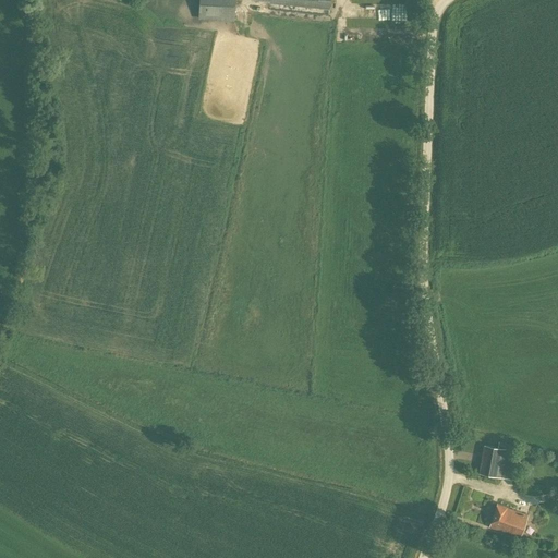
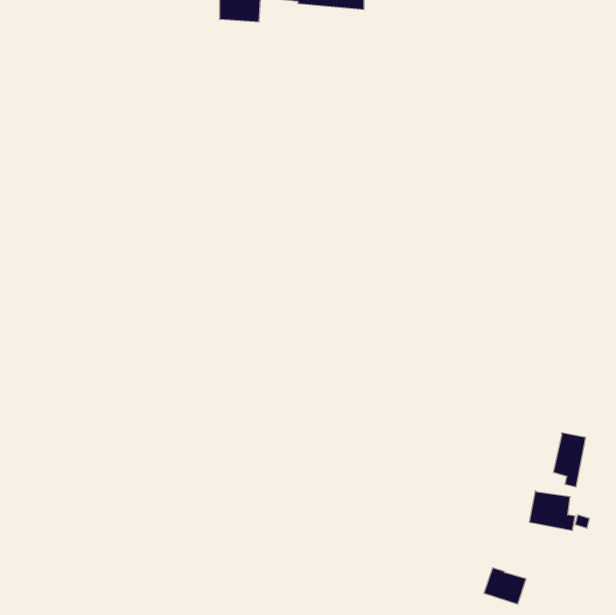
building: none -> [554,433,585,487]
building: [489,504,527,536] -> [484,568,526,604]

